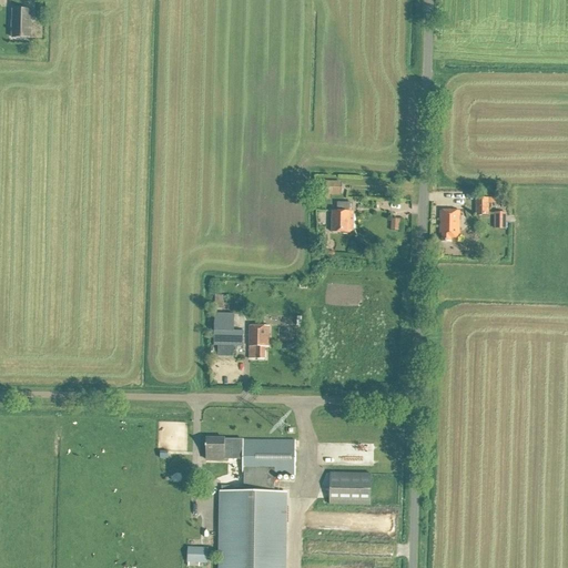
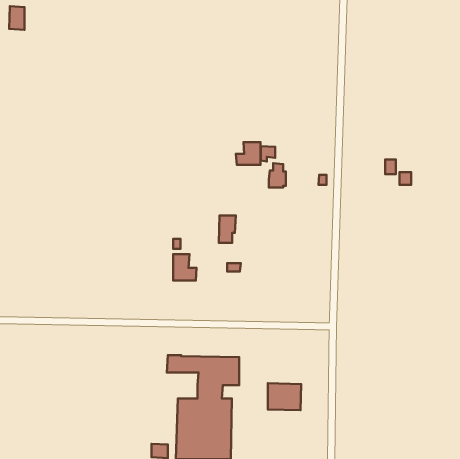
building: none -> [236,142,260,165]
building: [438,209,458,240] -> none
building: [247,324,268,357] -> [219,216,236,243]

